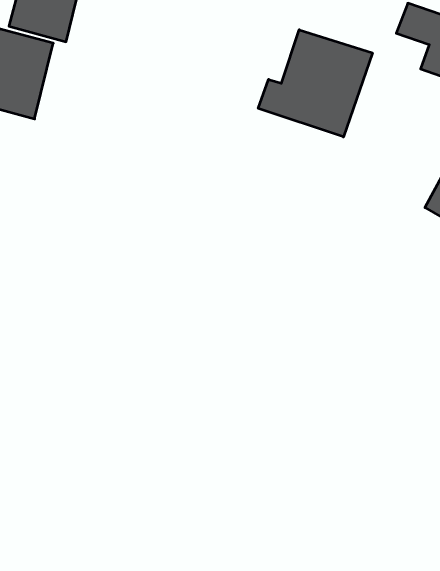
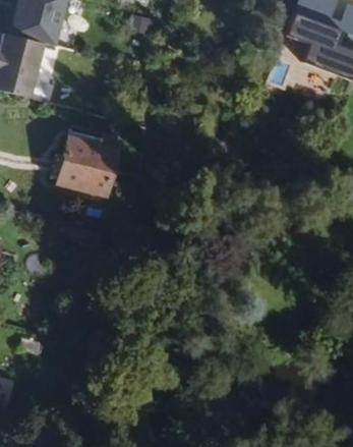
building: [258,30,372,137] -> none
building: none -> [58,138,116,192]

